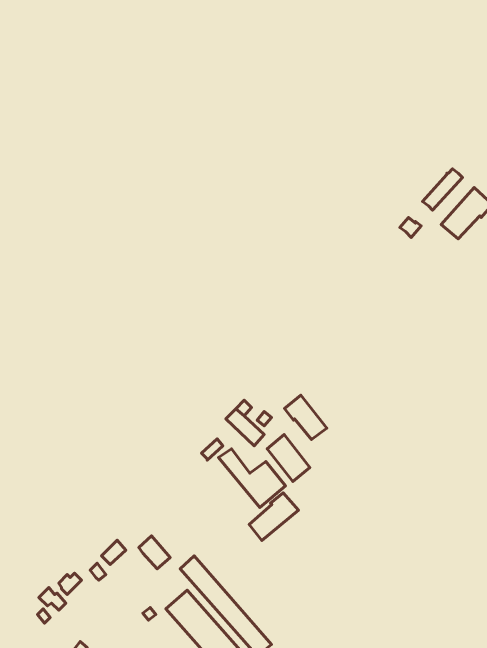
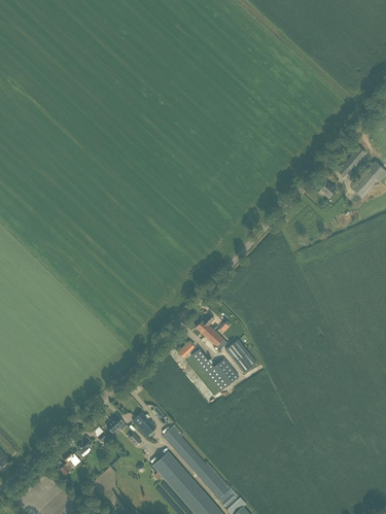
building: [284,395,327,439] -> none
building: [249,493,298,541] -> none

